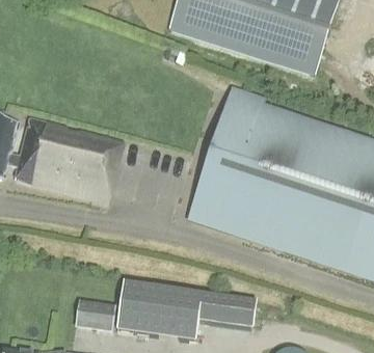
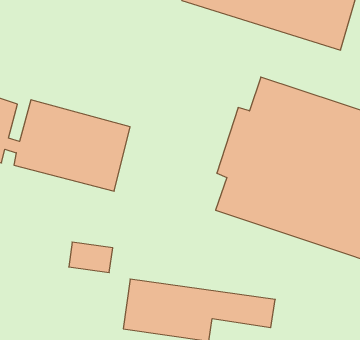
building: [74,299,114,327] -> [69,242,113,273]

